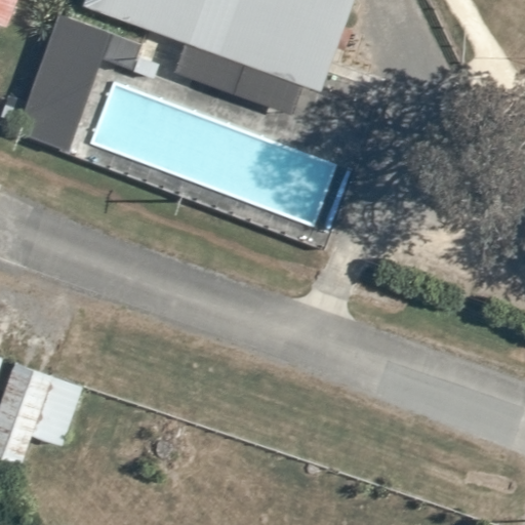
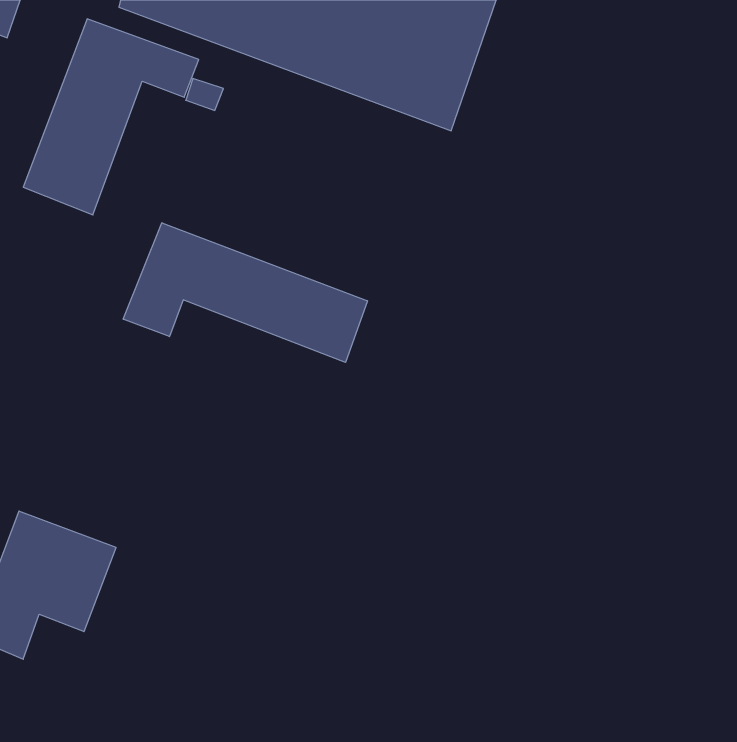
building: none -> [123,223,367,362]

